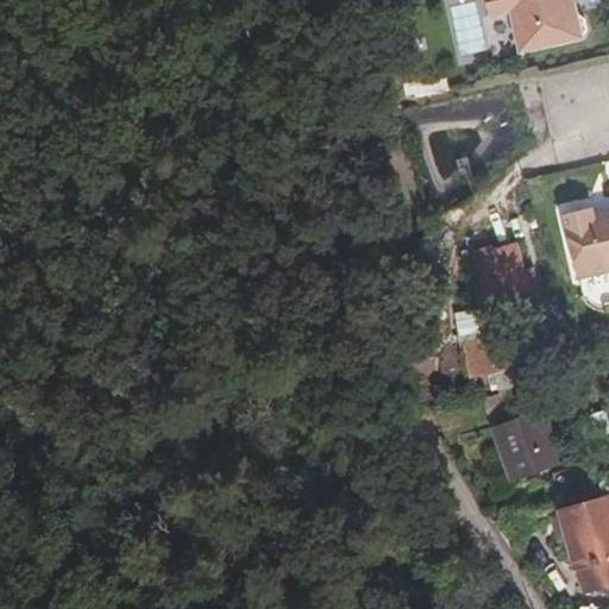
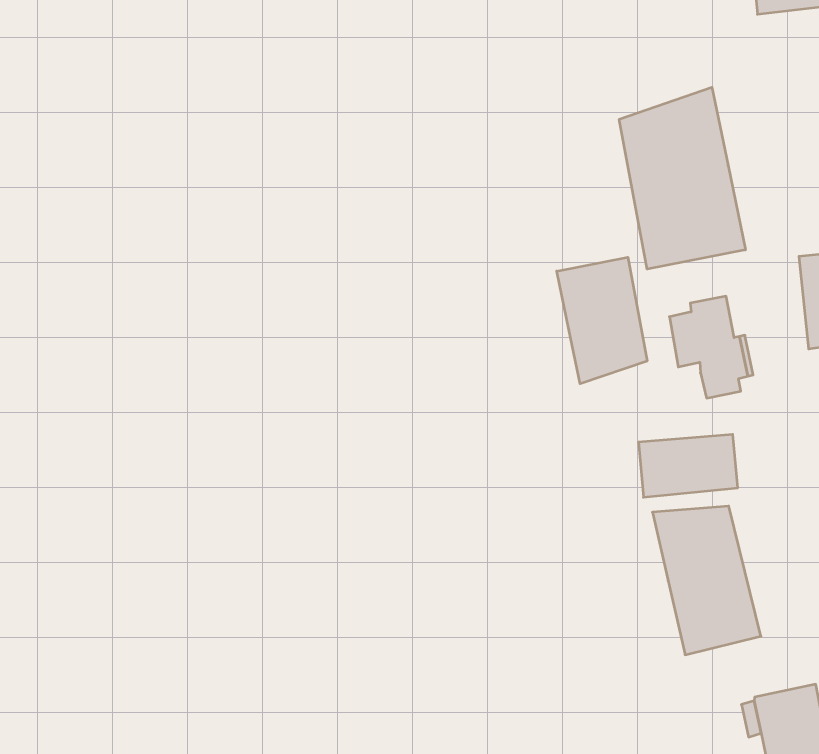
building: none -> [619,87,745,269]
building: none -> [557,257,647,384]

